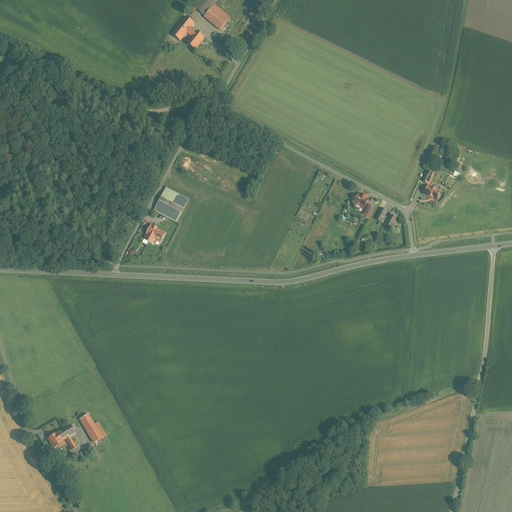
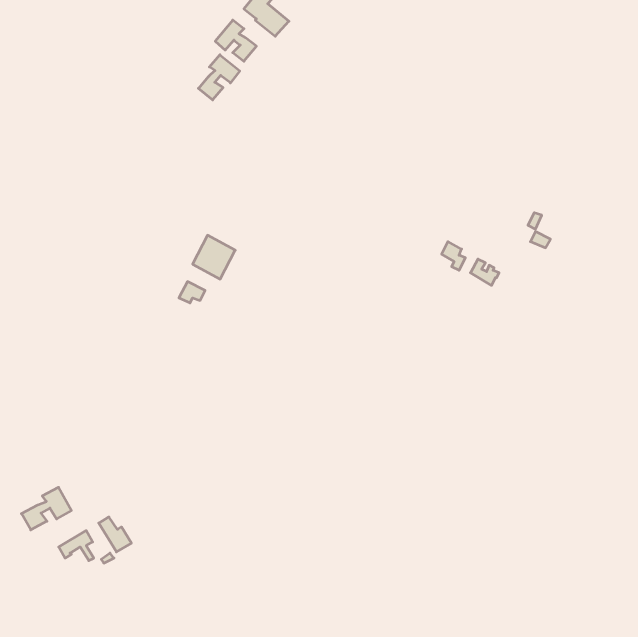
building: none -> [198,55,240,100]
building: none -> [21,487,71,530]

